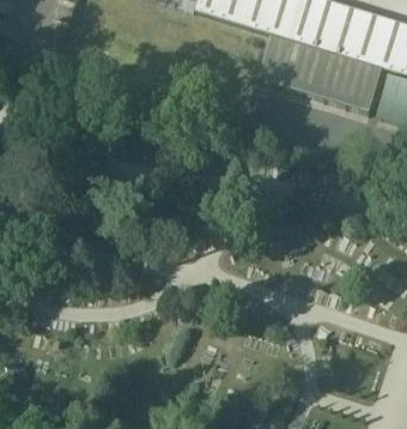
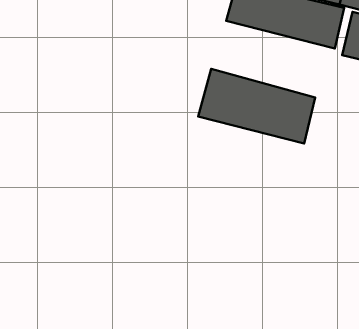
building: none -> [198,69,315,144]

